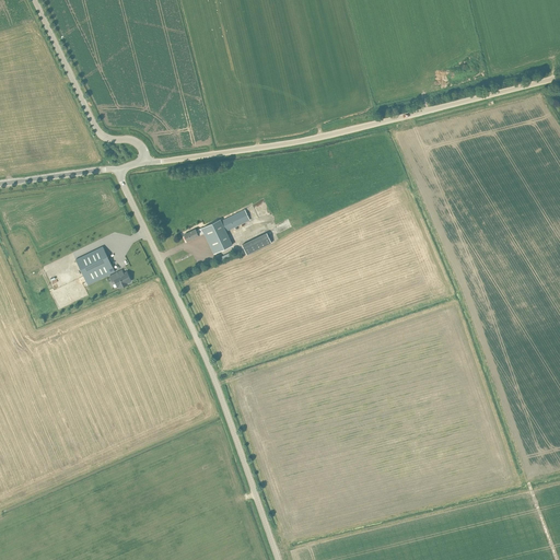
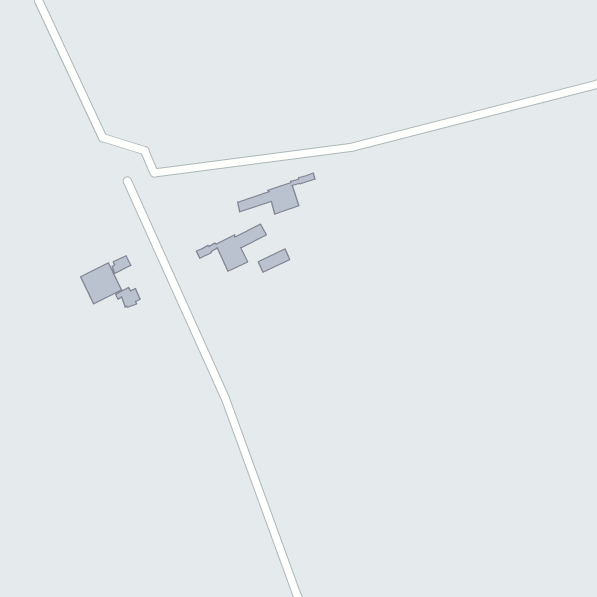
building: none -> [238,173,315,214]

